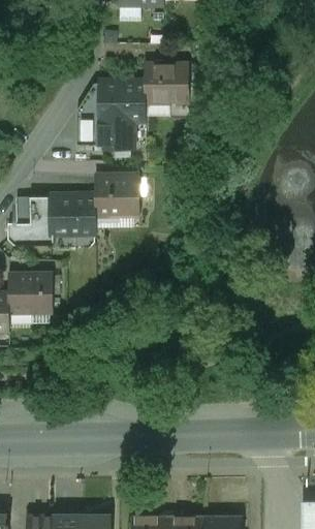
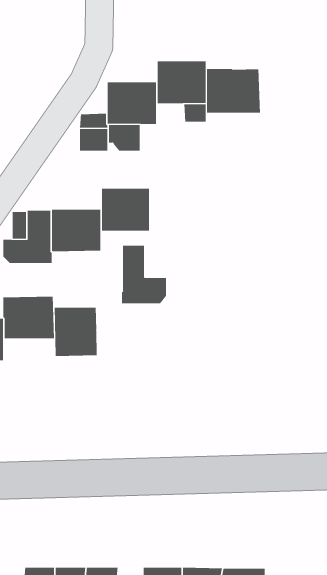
building: none -> [207,68,260,113]
building: none -> [122,245,167,304]
building: none -> [54,307,97,357]

